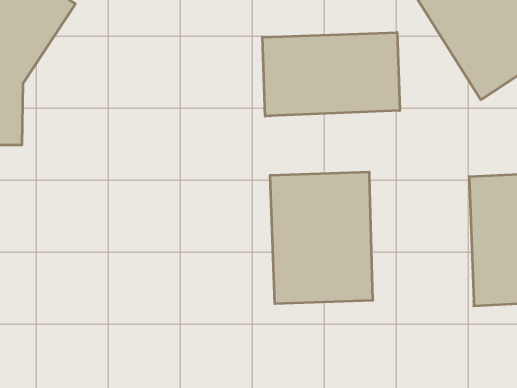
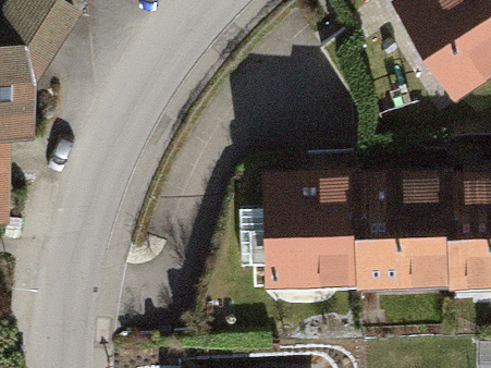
building: [262,32,400,116] -> none
building: none -> [353,168,449,290]

